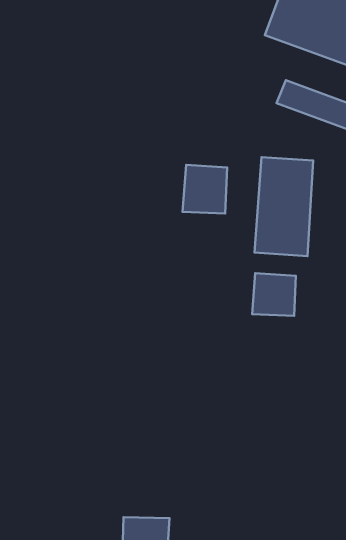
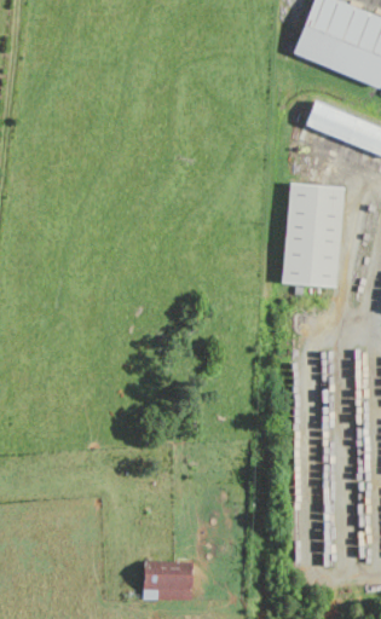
building: [183,165,227,213] -> none
building: [252,273,296,316] -> none

